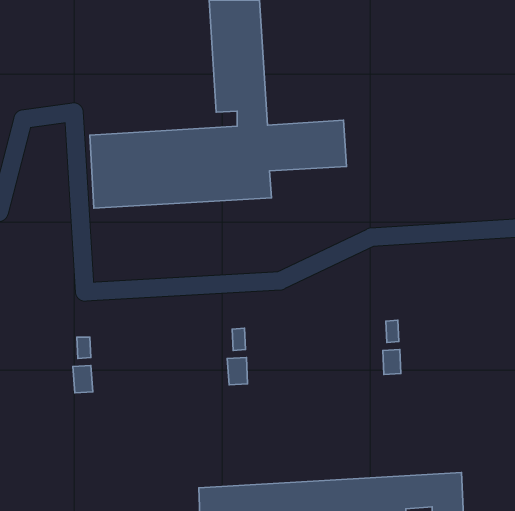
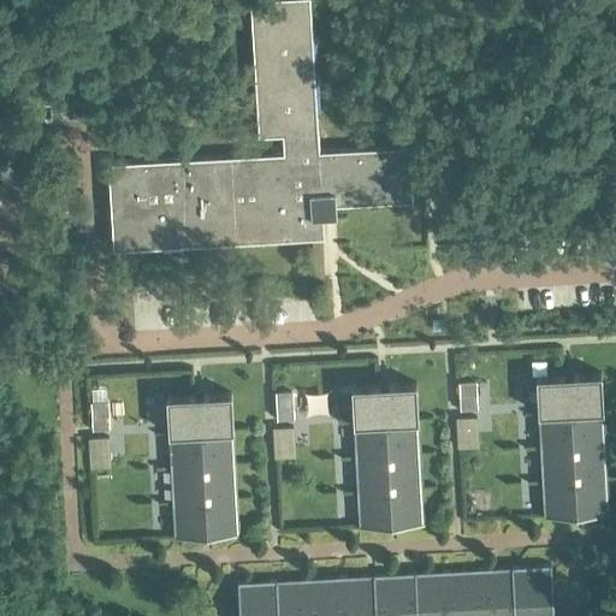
building: none -> [535,378,608,522]
building: none -> [351,387,424,532]
building: none -> [166,398,238,543]

